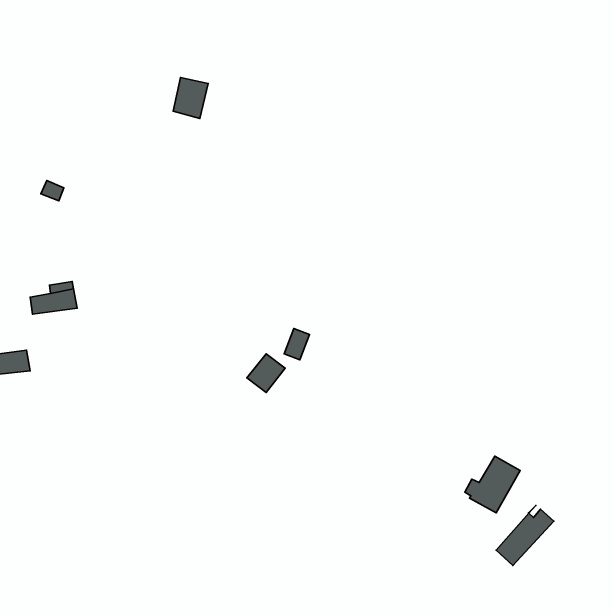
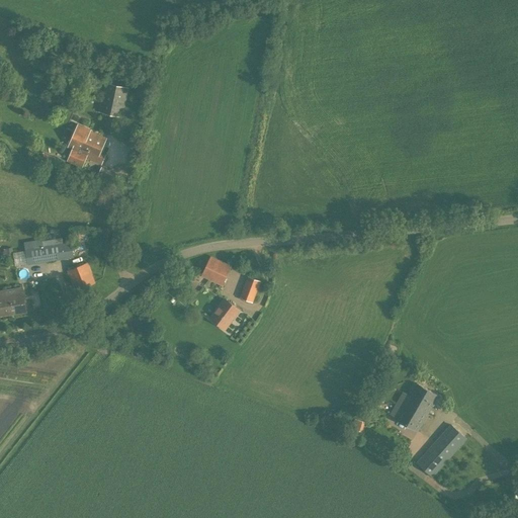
building: [173,77,208,118] -> [98,83,127,117]
building: none -> [67,124,105,166]
building: none -> [200,257,230,285]
building: none -> [67,263,94,290]

